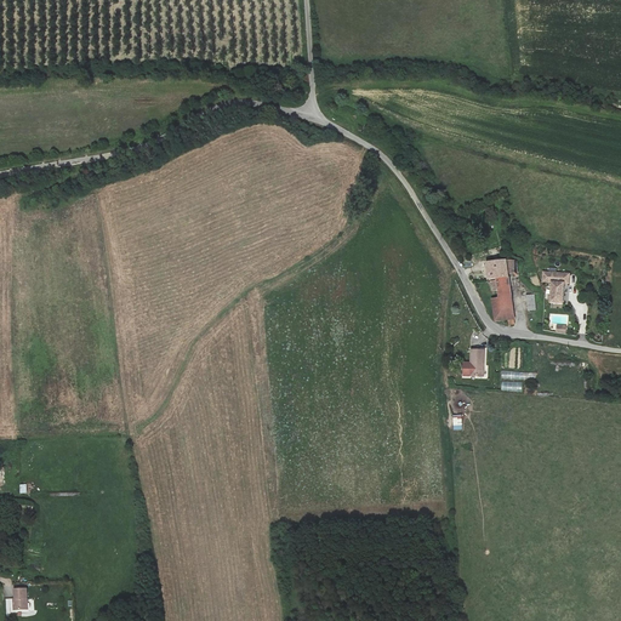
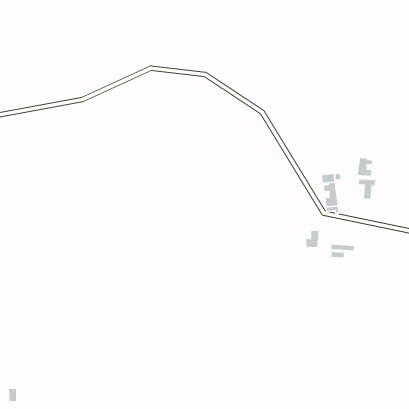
building: none -> [357,157,373,177]

